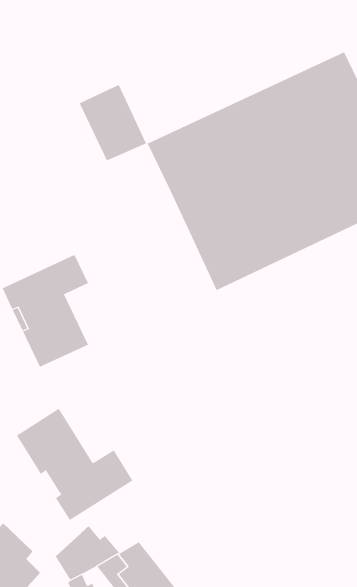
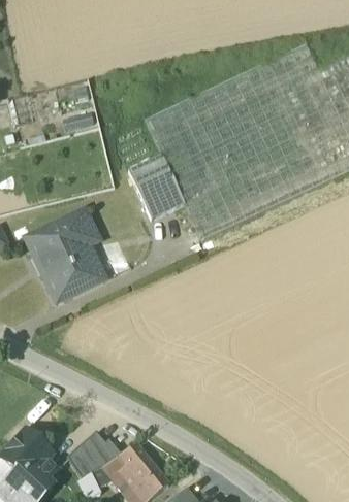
building: [79,84,147,161] -> [128,155,184,217]
building: [16,408,133,521] -> none

